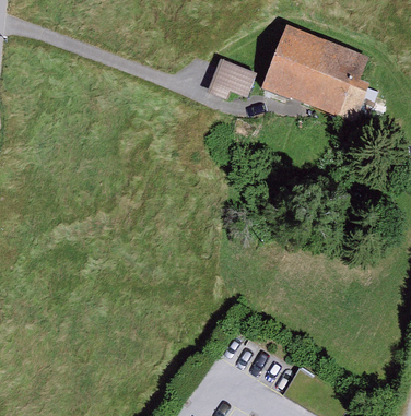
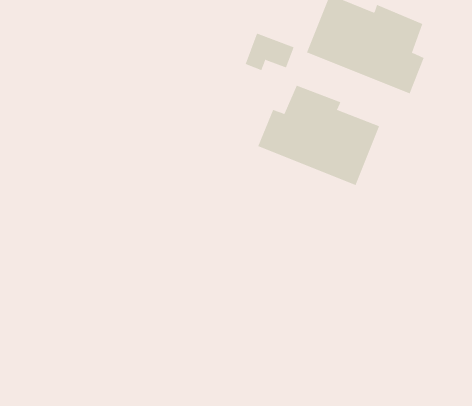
building: none -> [258,85,380,186]

